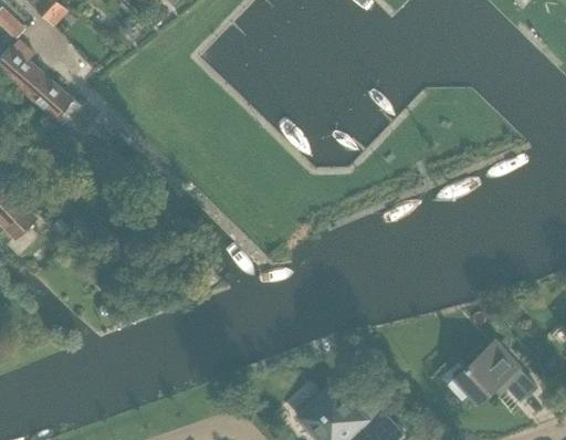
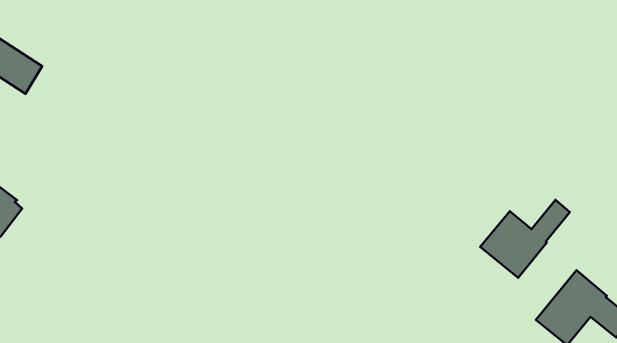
building: none -> [480,200,570,278]

